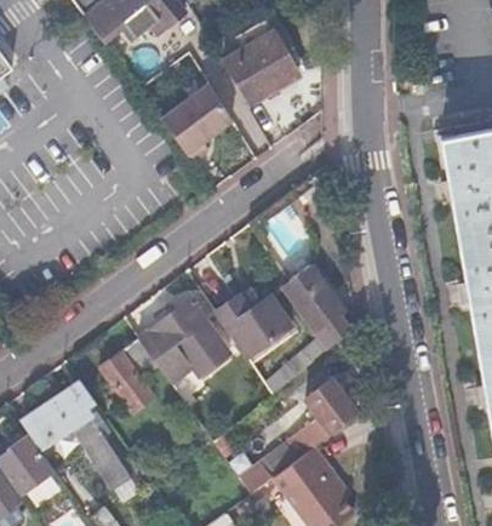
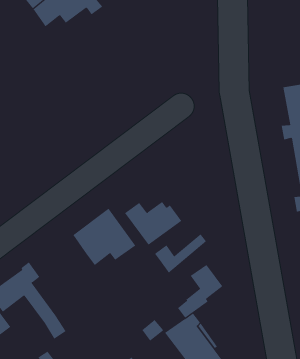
building: [223,34,297,107] -> none
building: [160,87,230,154] -> none
building: [286,264,351,347] -> none
building: [101,338,160,413] -> none

